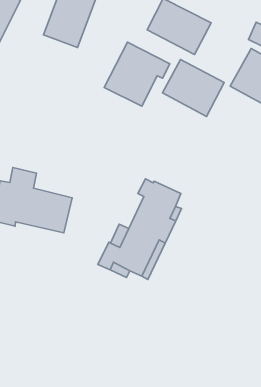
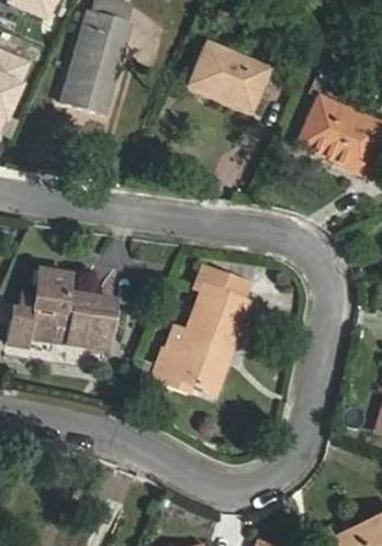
building: [104,42,170,106] -> none
building: [162,59,224,117] -> none

